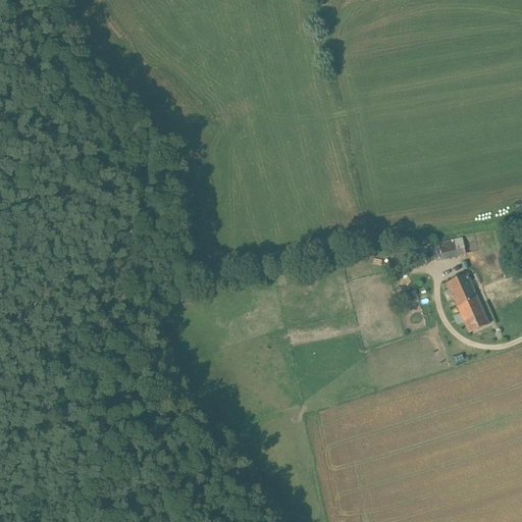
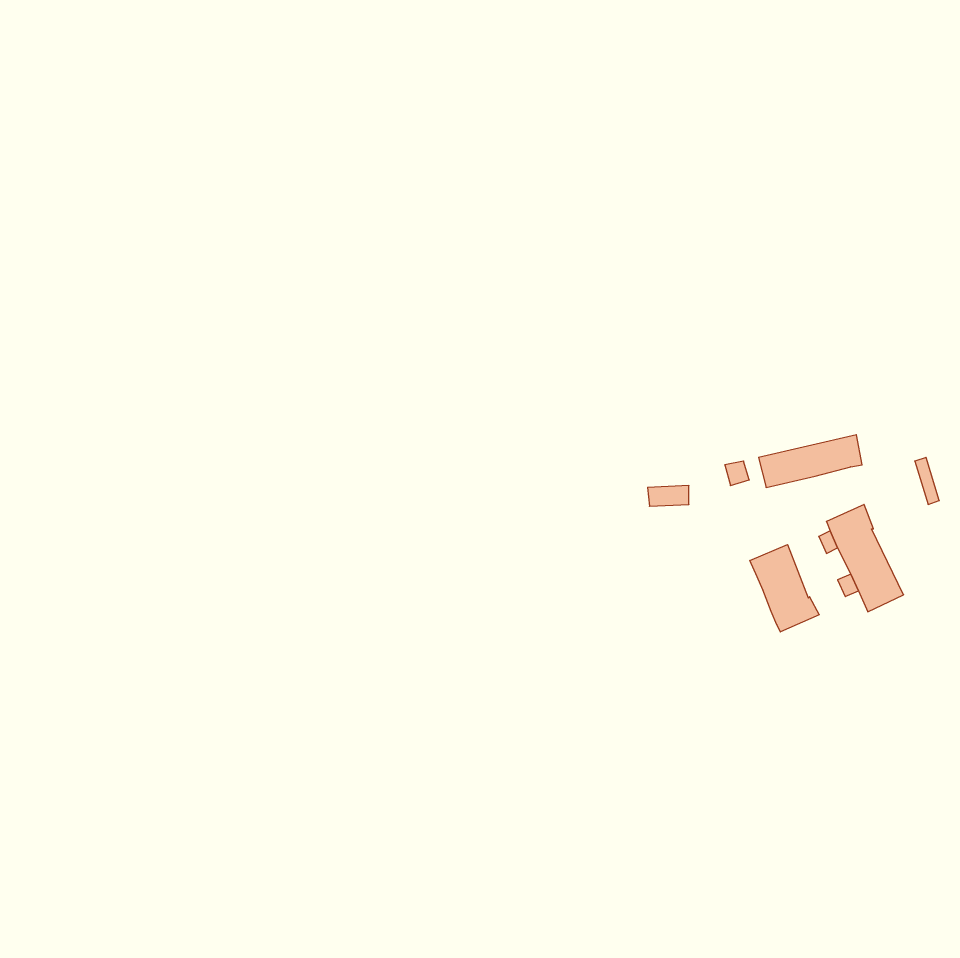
building: none -> [750,545,819,632]

